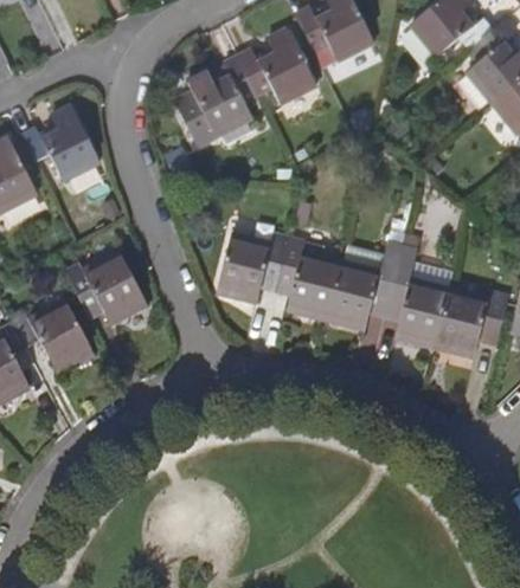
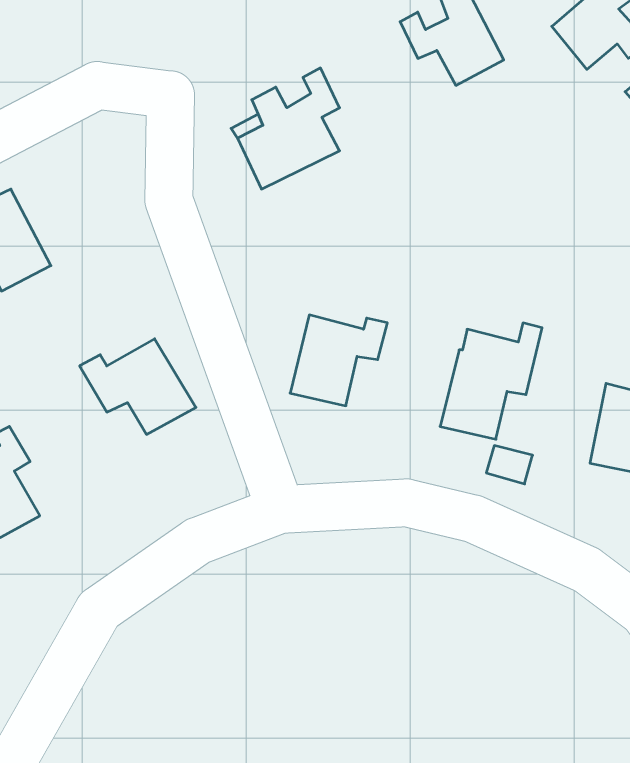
building: [239,27,315,103] -> none
building: [21,112,99,186] -> none
building: [282,244,342,321] -> none
building: [392,247,451,348] -> none
building: [8,298,94,370] -> none

